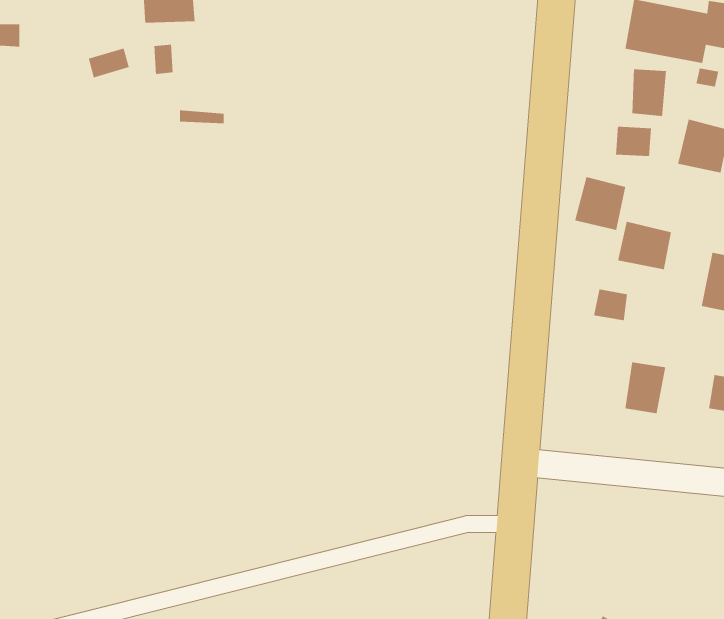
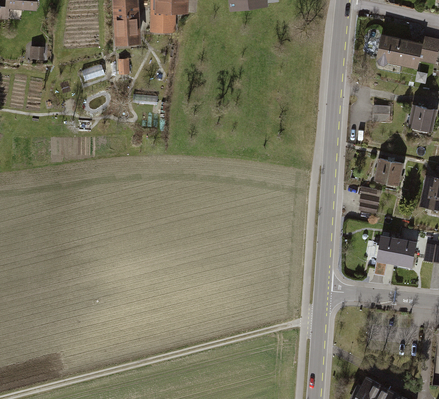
building: [631,69,667,117] -> none
building: [574,176,626,231] -> none
building: none -> [395,237,416,266]

